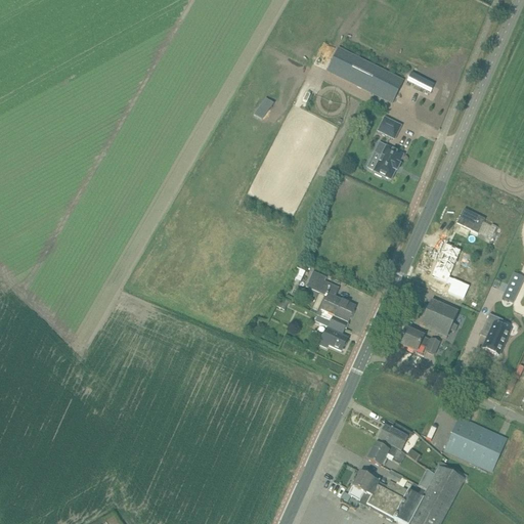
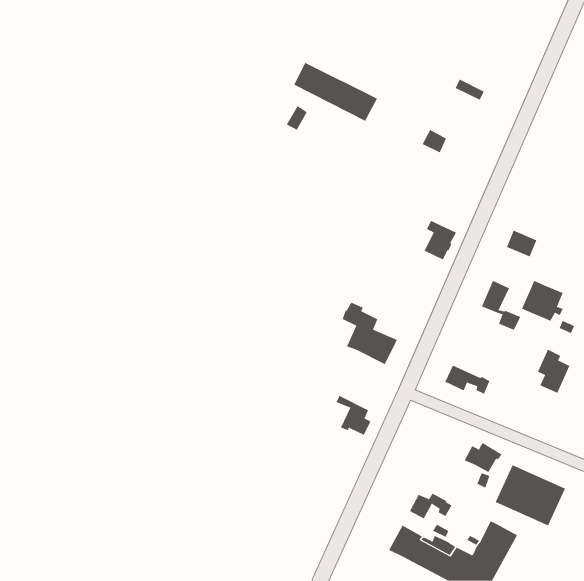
building: [328,47,403,100] -> [293,62,378,122]
building: [374,141,403,177] -> [424,220,457,260]
building: [420,299,457,336] -> [521,280,563,321]
building: [315,313,347,349] -> [336,395,371,435]
building: [378,421,412,448] -> [464,442,503,473]

